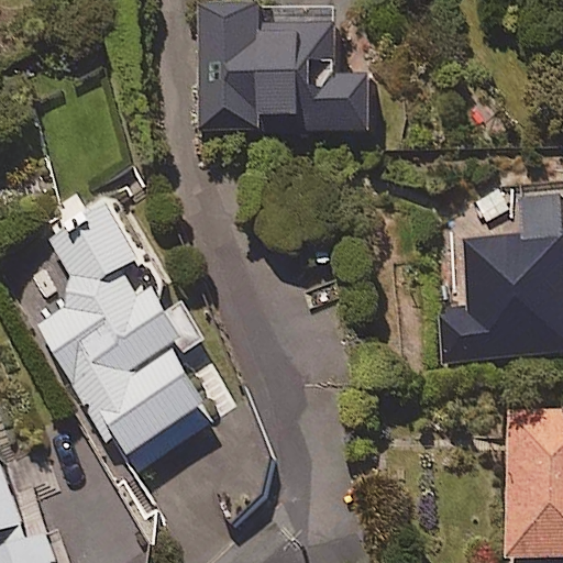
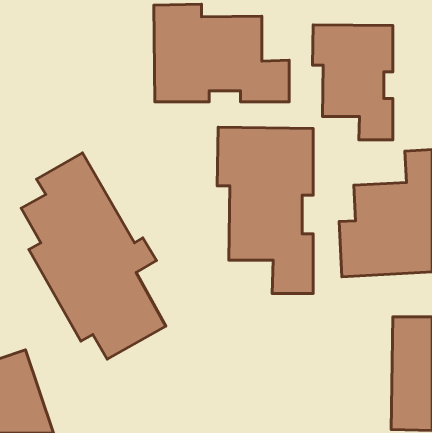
building: none -> [313,25,393,140]
building: none -> [217,127,313,294]

